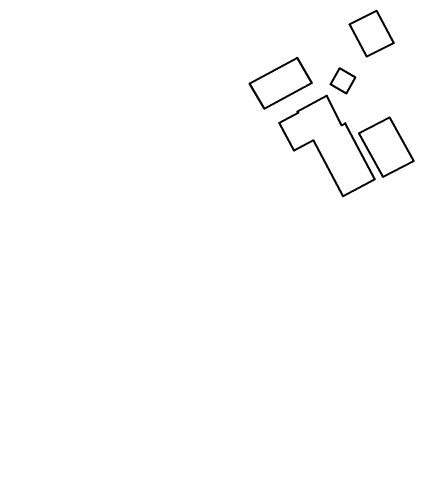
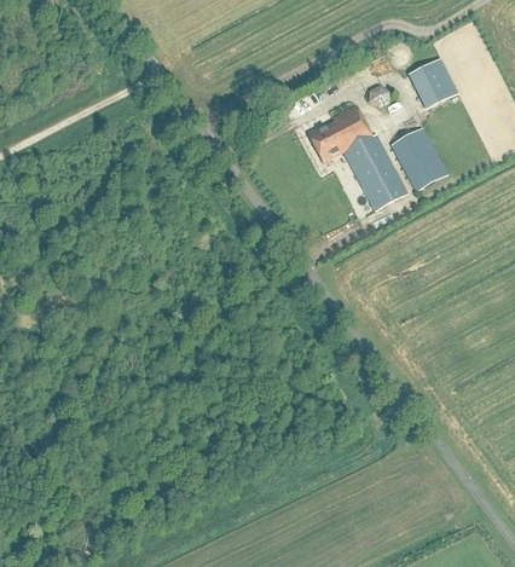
building: [349,11,394,57] -> [411,59,458,108]
building: [250,58,312,109] -> none

